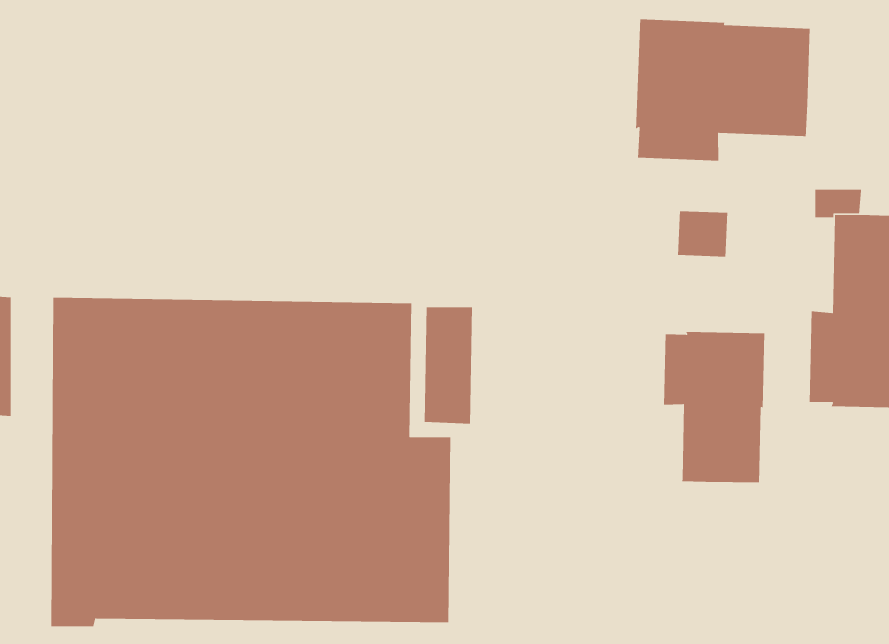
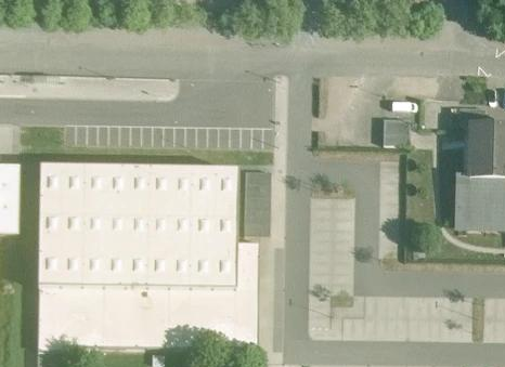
building: [635,19,811,161] -> none
building: [663,331,765,483] -> none

